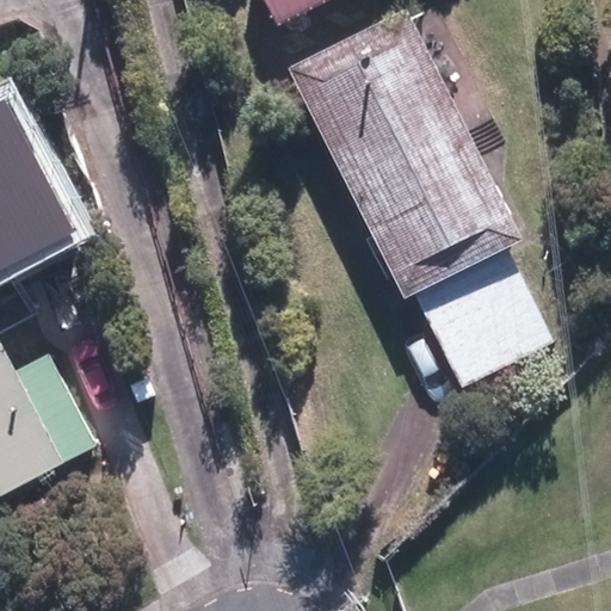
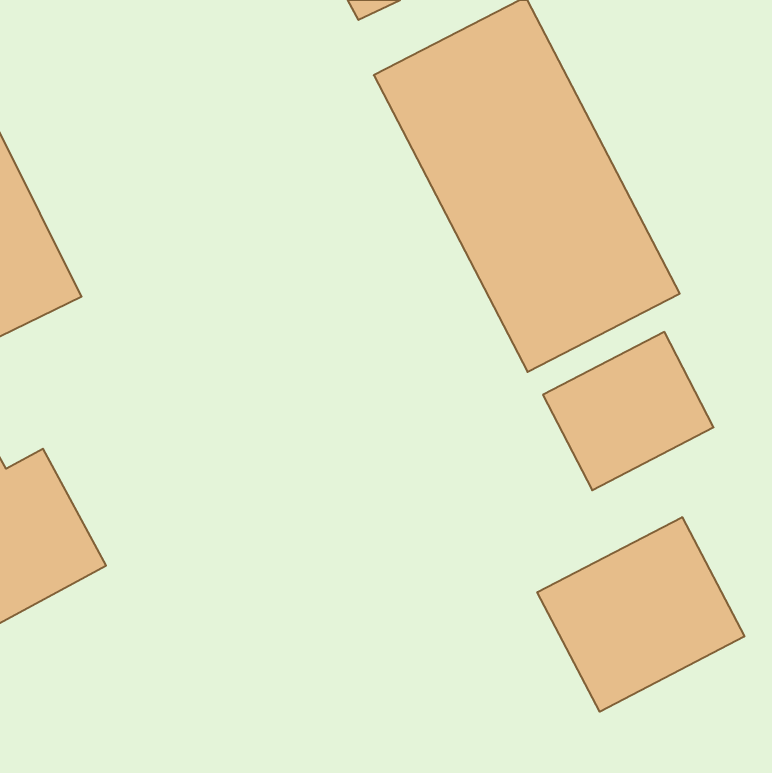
building: none -> [537,517,744,712]

